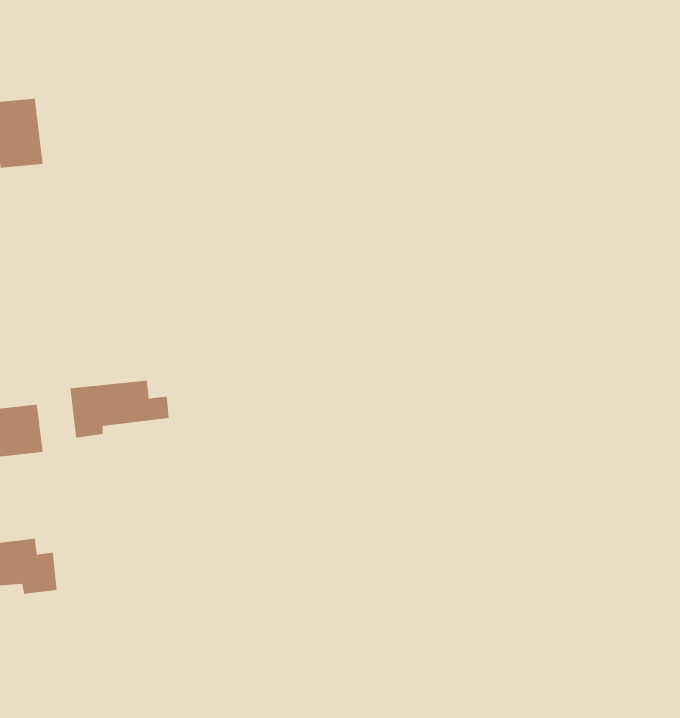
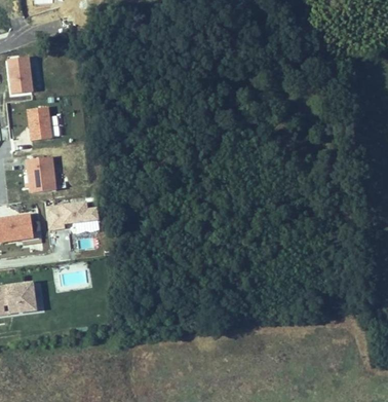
building: none -> [27,107,52,140]
building: none -> [27,158,56,193]

